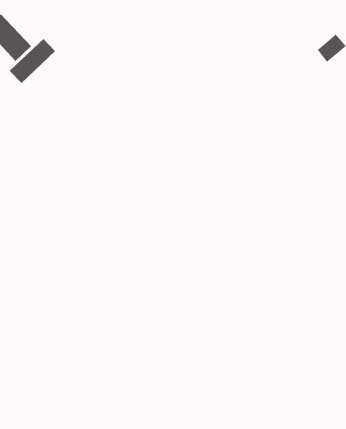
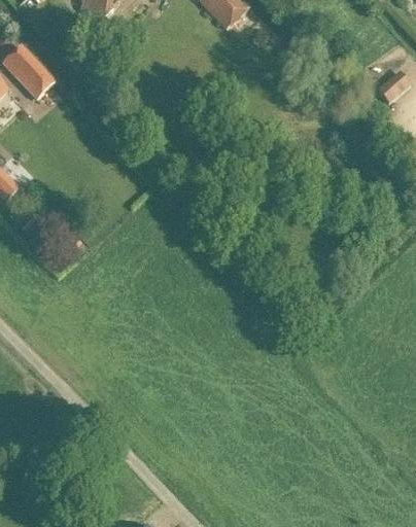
building: [9,38,56,84] -> none

